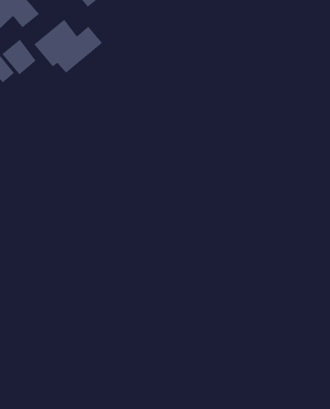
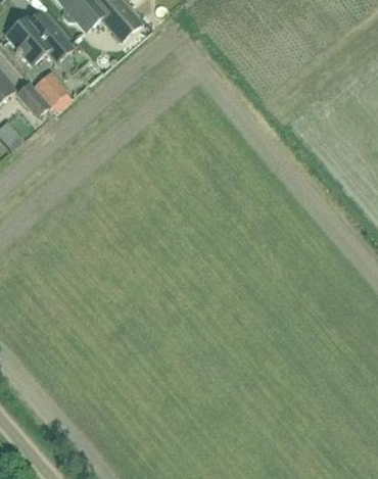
building: [34,19,103,74] -> none

